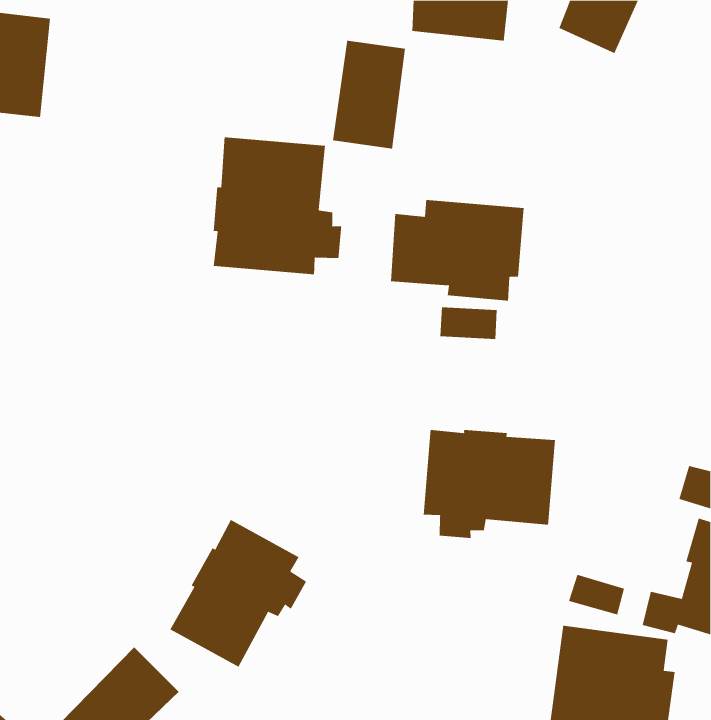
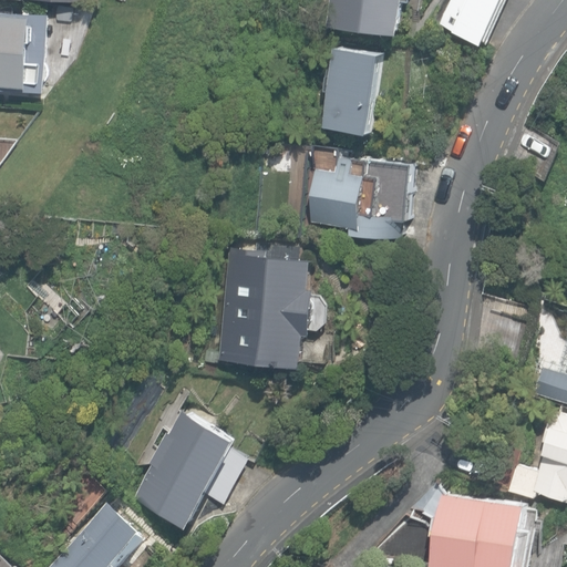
building: [332,40,406,149] -> [330,43,388,128]
building: [213,136,342,275] -> none
building: none -> [215,252,312,367]
building: [423,429,556,539] -> none

